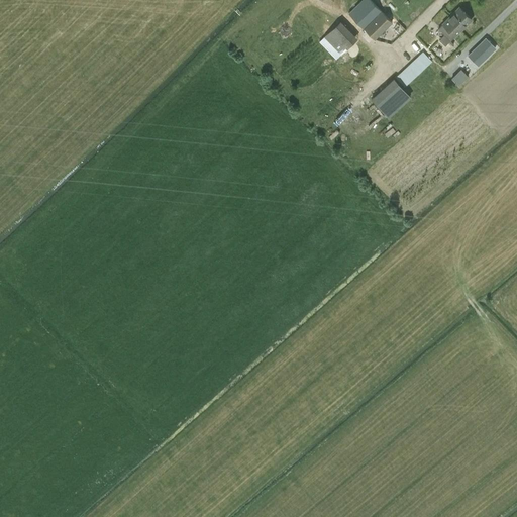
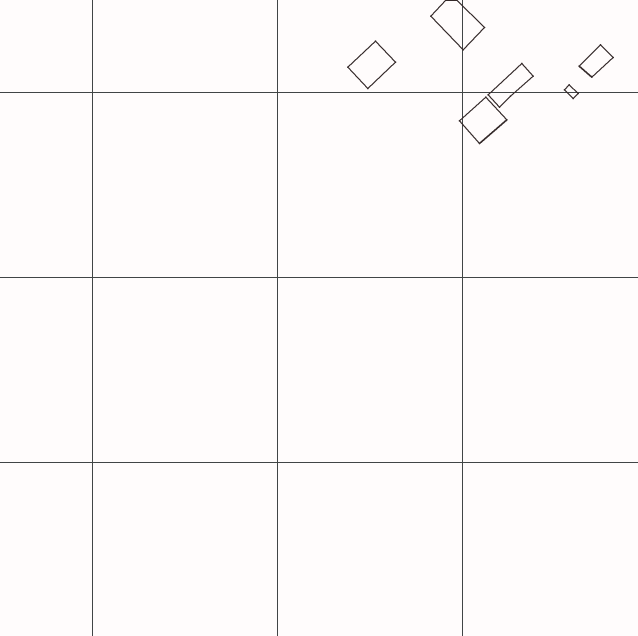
building: [437,8,472,47] -> none
building: [320,20,358,59] -> [348,41,395,88]

